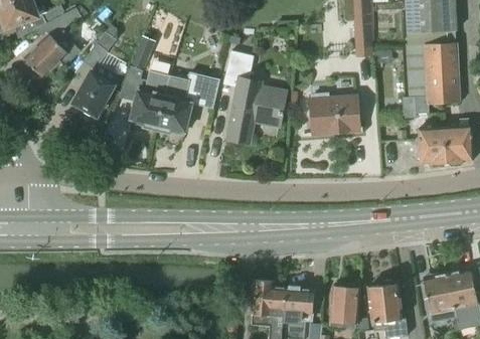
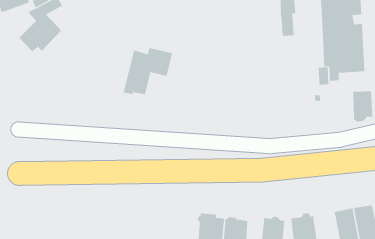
building: [73,32,120,117] -> none
building: [123,36,170,129] -> none
building: [222,51,288,145] -> none
building: [309,93,359,135] -> none
building: [420,128,446,167] -> none

